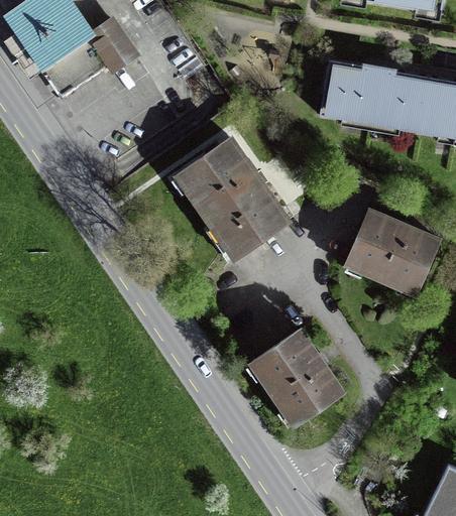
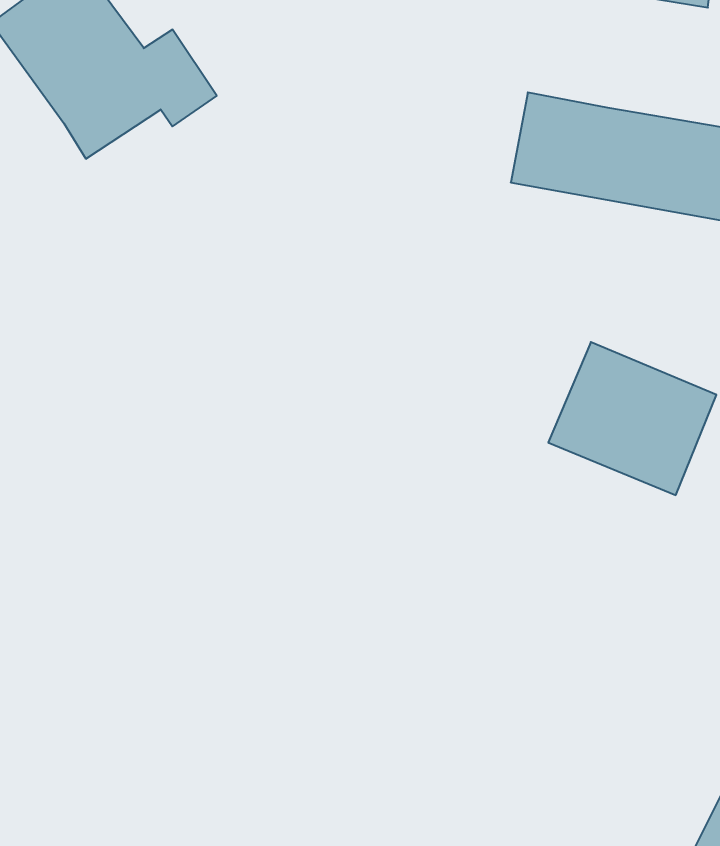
building: [173,141,290,263] -> none
building: [247,329,346,430] -> none

